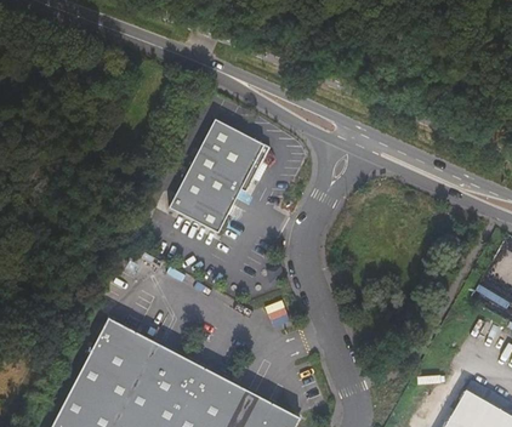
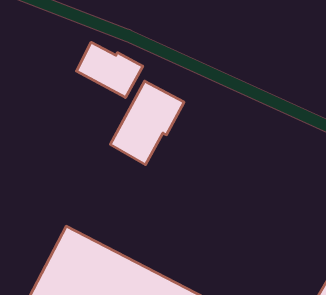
building: none -> [76,42,143,98]

